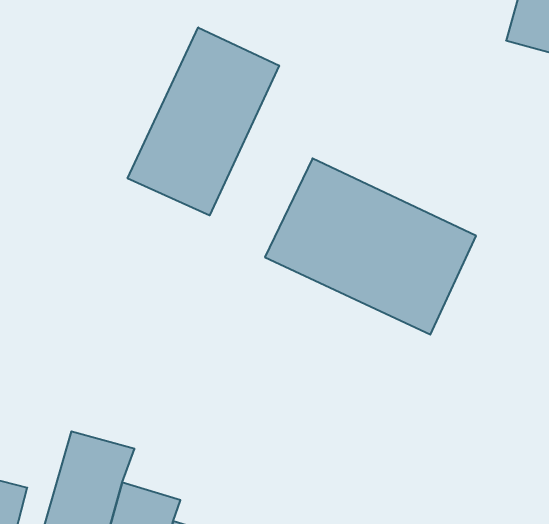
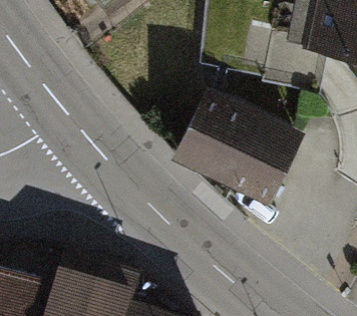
building: [128,27,279,215] -> none

